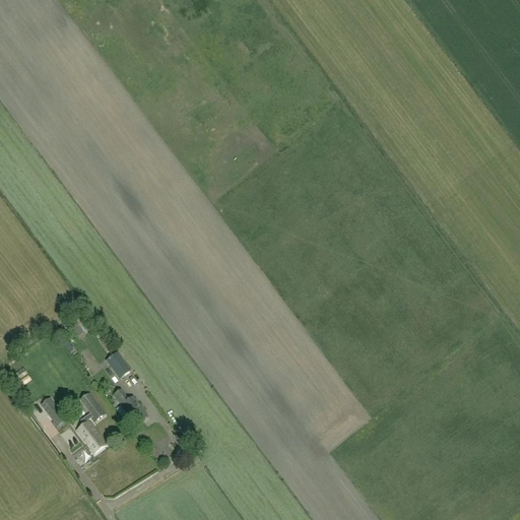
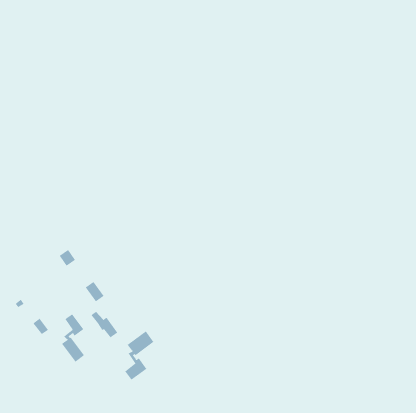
building: none -> [124,331,154,381]

